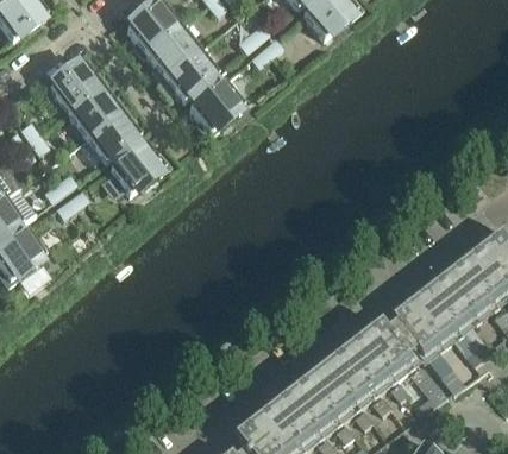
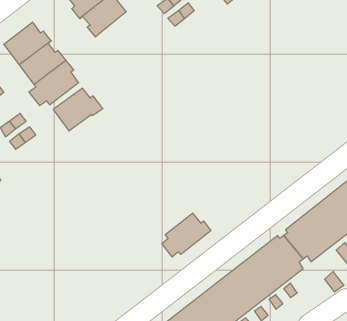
building: [159,48,218,100] -> none
building: [188,78,243,137] -> none
building: none -> [162,213,211,257]
building: [410,362,446,411] -> none

